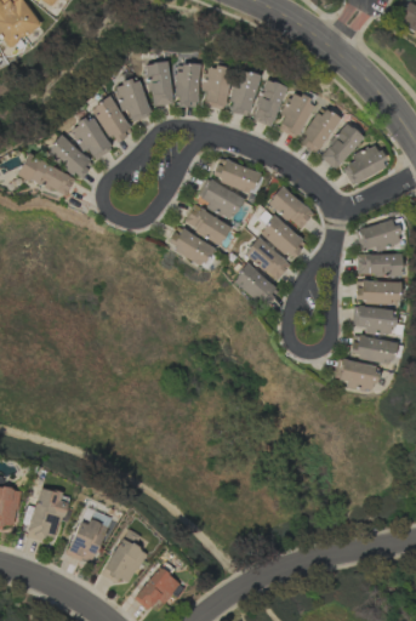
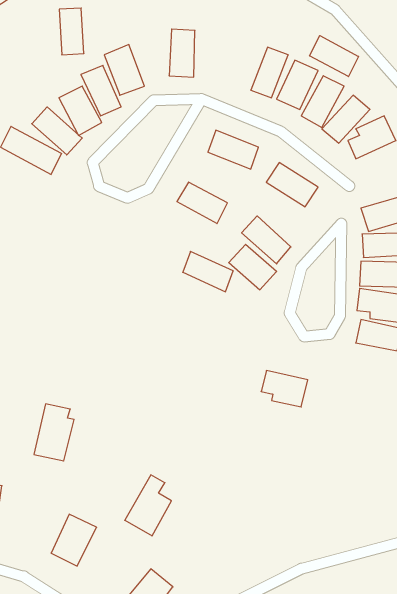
building: [149,62,172,106] -> [59,8,84,55]
building: [203,65,232,109] -> none
building: none -> [310,36,359,77]
building: [229,70,260,116] -> none
building: [196,180,244,220] -> none
building: [260,217,307,260] -> none
building: [166,228,213,266] -> [183,251,233,292]
building: [335,359,378,393] -> [261,371,308,407]
building: [28,488,65,541] -> [34,404,74,461]
building: [103,529,147,586] -> [125,475,171,536]

